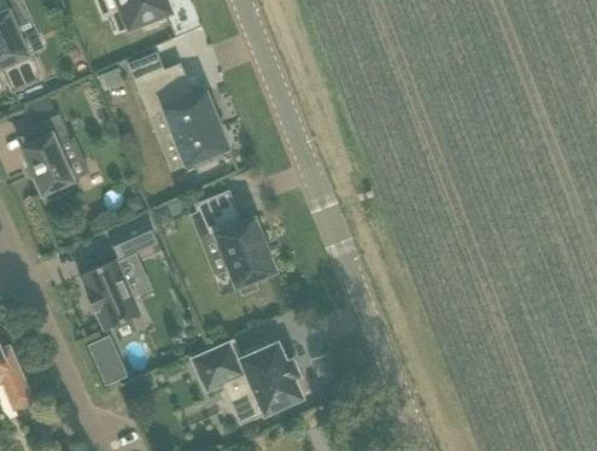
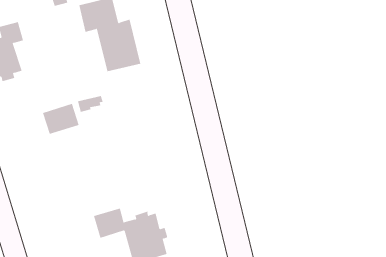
building: [195,192,276,294] -> none
building: [80,259,141,330] -> none
building: [89,335,128,385] -> none

